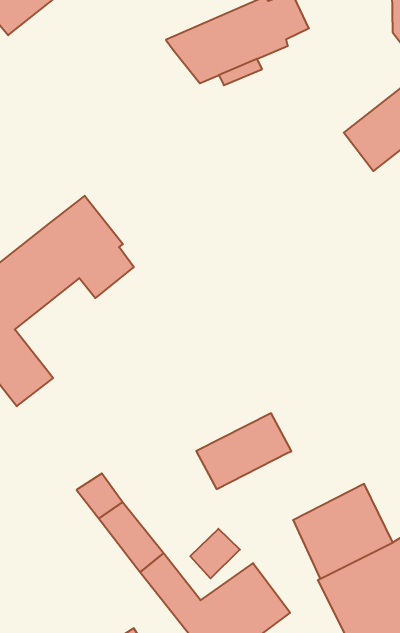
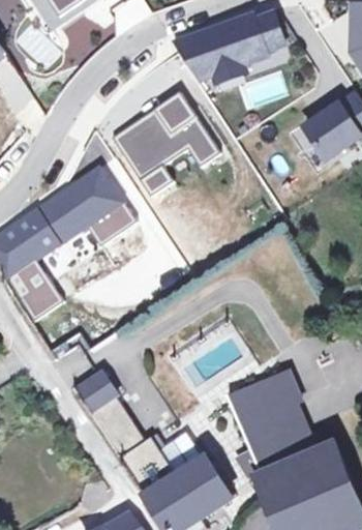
building: none -> [112,91,219,194]
building: [196,413,291,489] -> [229,371,303,426]

